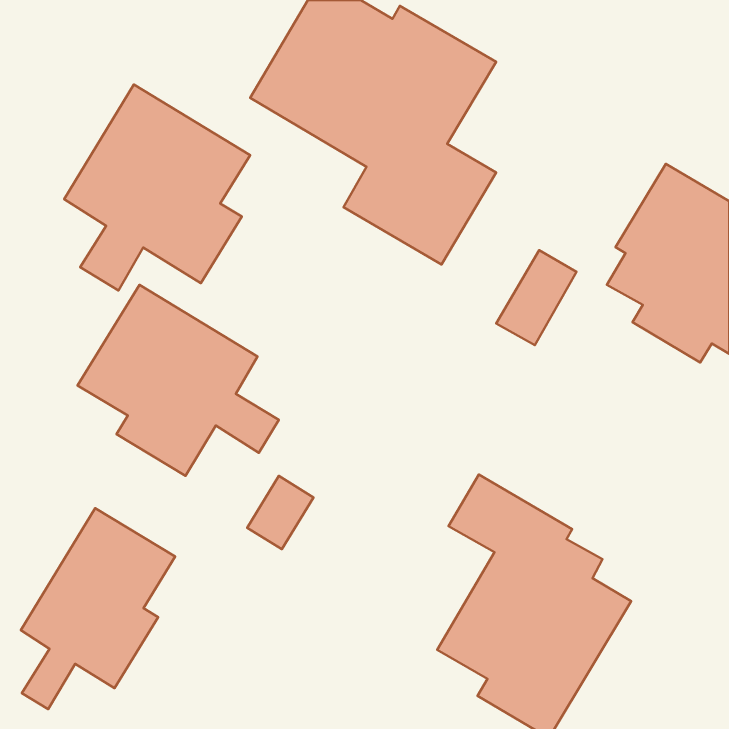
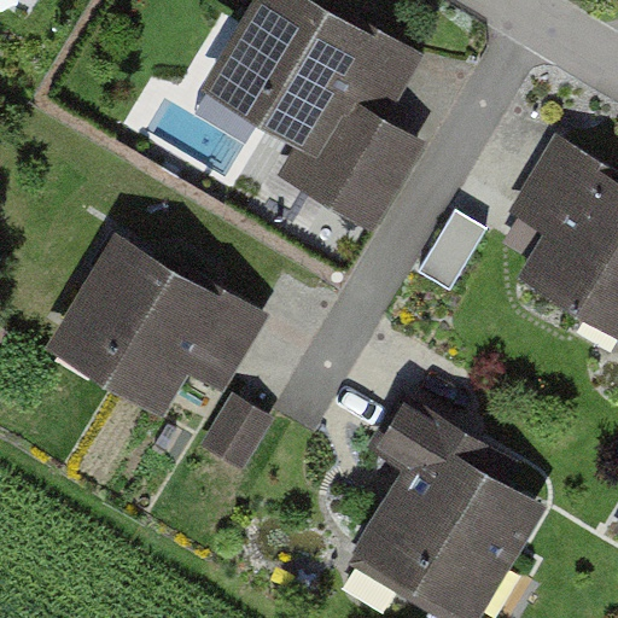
building: [64,85,250,290] -> none
building: [21,508,175,709] -> none

